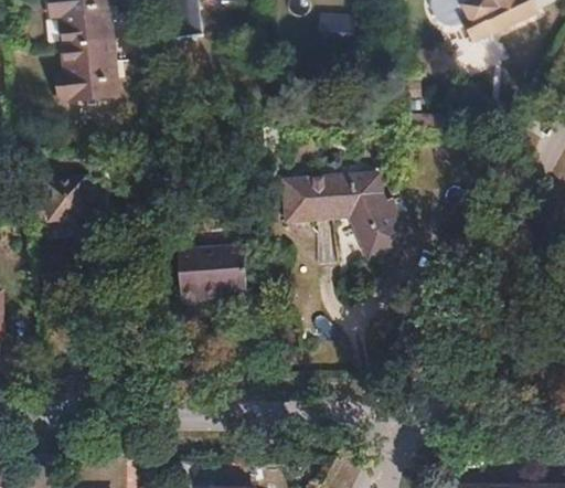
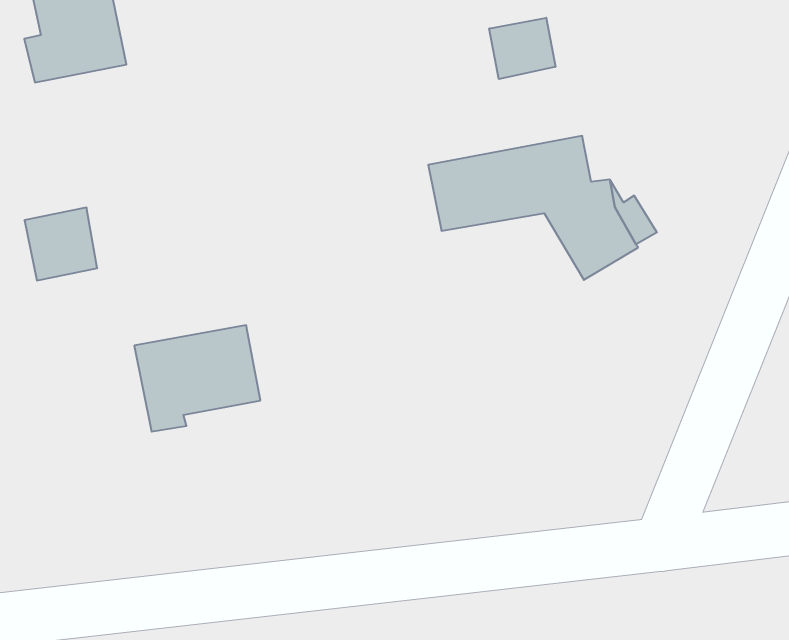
building: none -> [489,18,555,79]
building: [180,247,250,304] -> [134,325,260,432]

